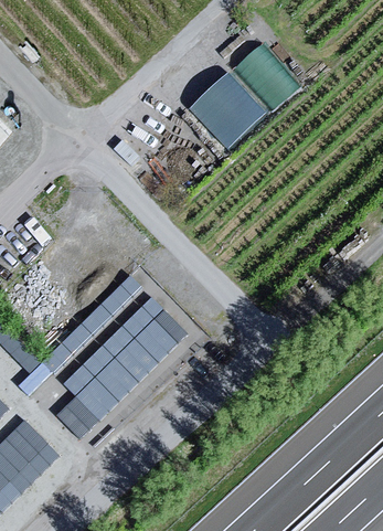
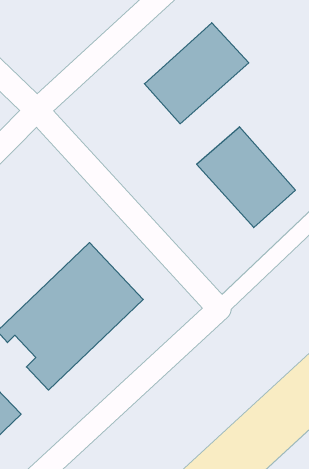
building: none -> [197,127,295,228]

